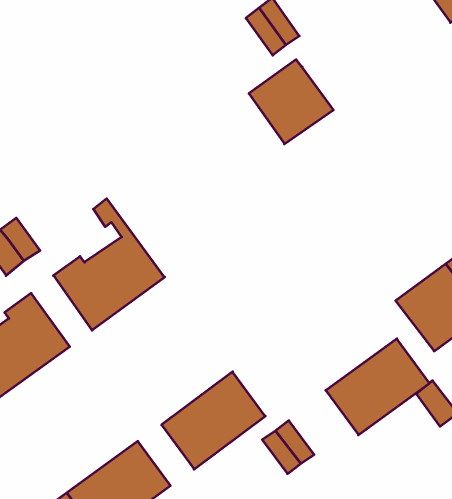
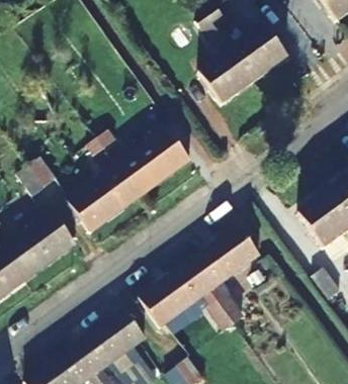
building: none -> [232,25,289,83]
building: none -> [102,125,191,197]
building: [326,339,429,435] -> [188,226,259,292]

